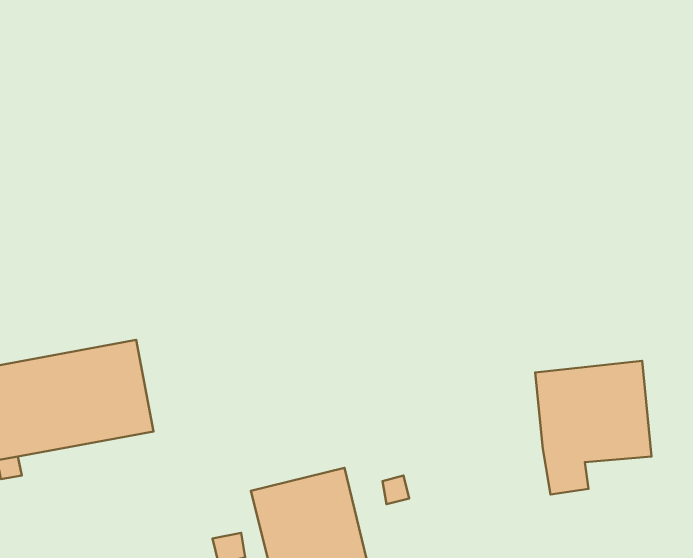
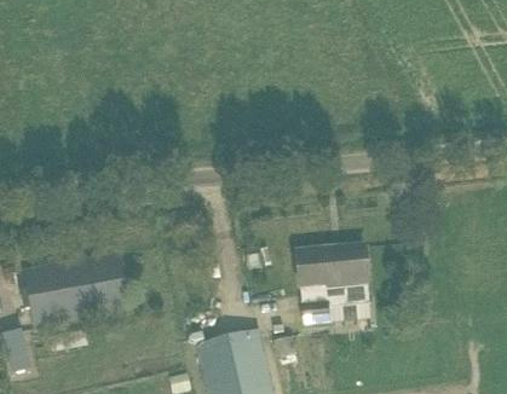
building: [535,361,652,495] -> [298,241,371,325]

